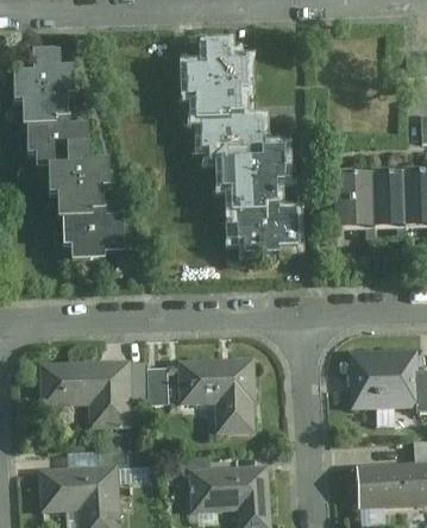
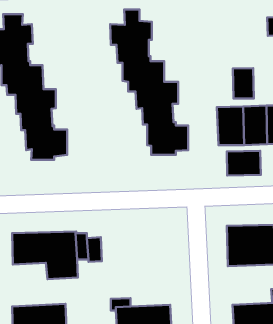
building: none -> [233,68,254,99]
building: none -> [227,151,261,176]
building: [177,357,253,432] -> none

